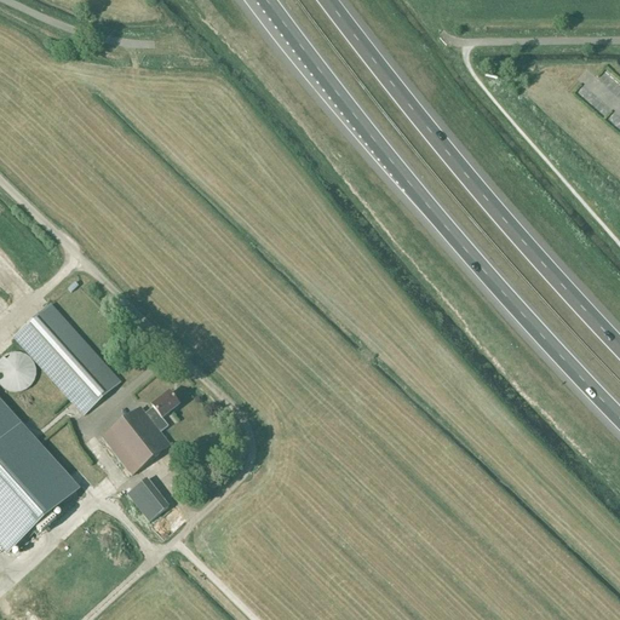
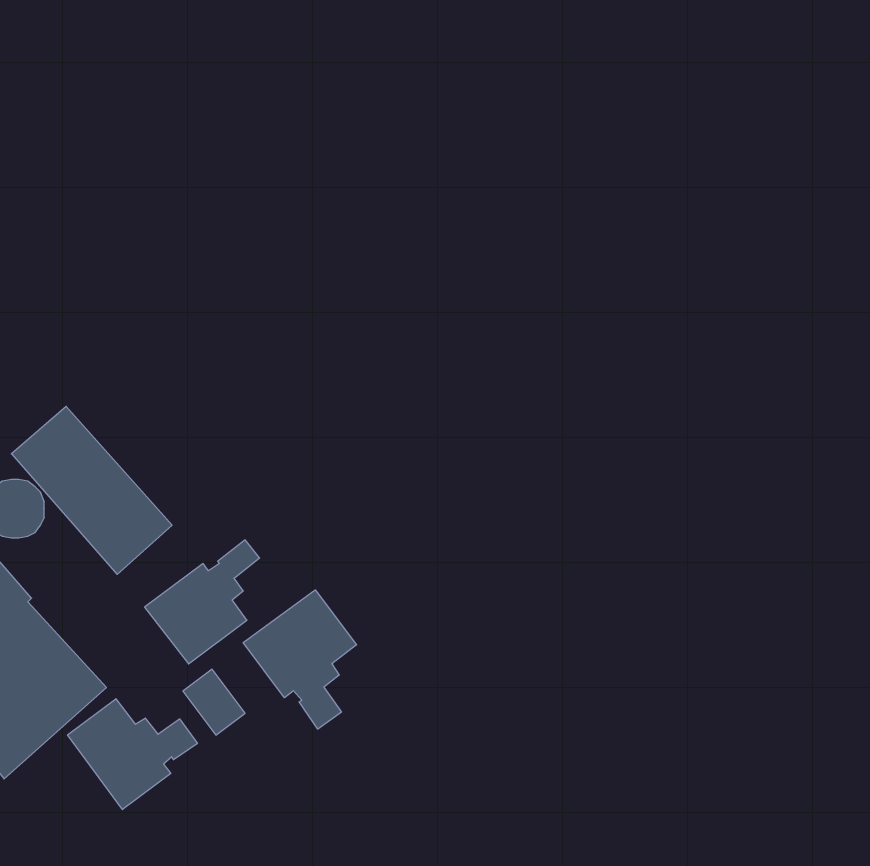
building: none -> [243,590,357,729]
building: none -> [68,699,197,810]

